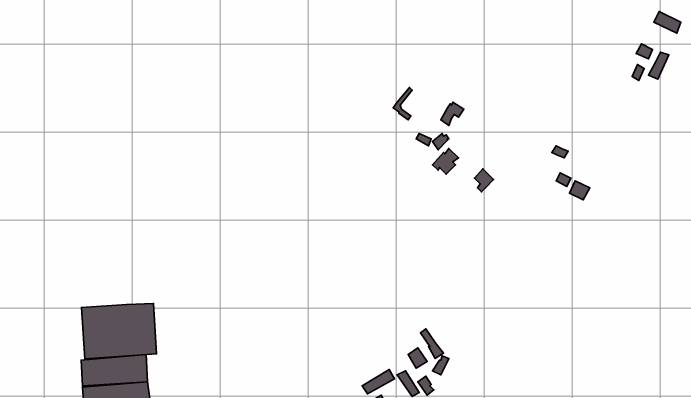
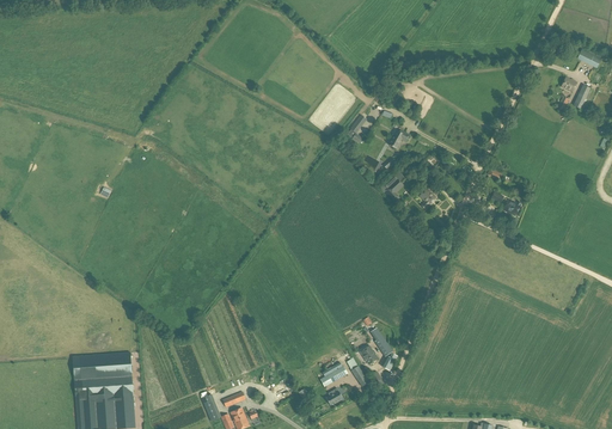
building: [82,304,157,359] -> none

